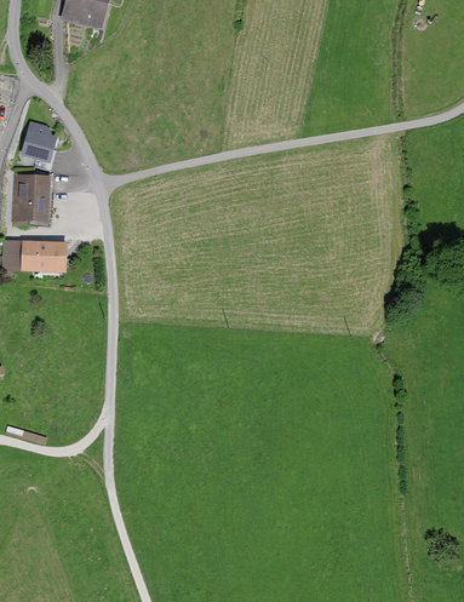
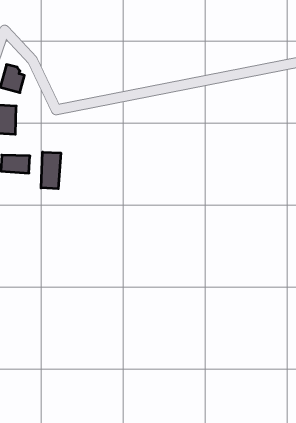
building: none -> [41,152,61,189]

